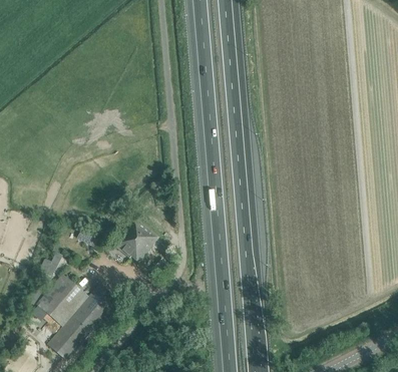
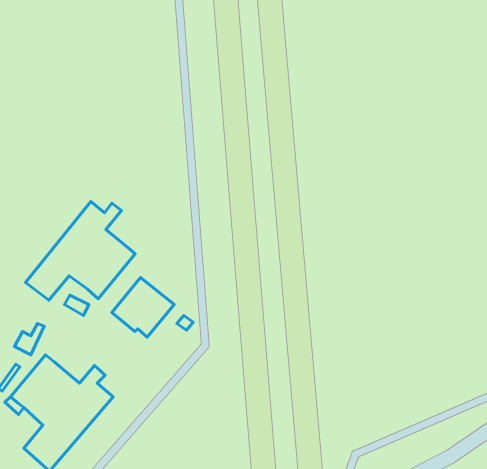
building: none -> [25,201,135,300]

